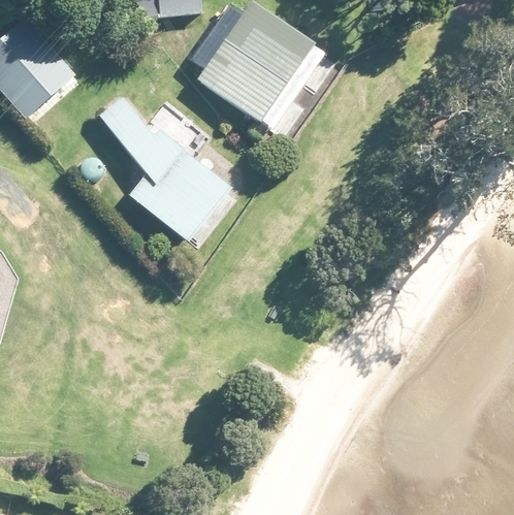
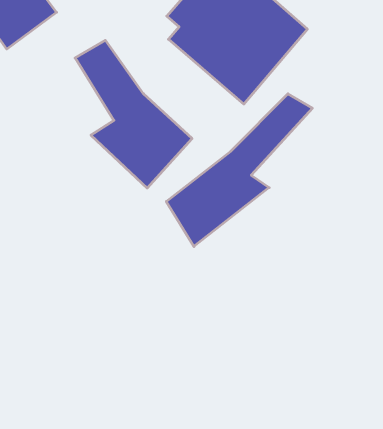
building: none -> [166,94,312,247]

